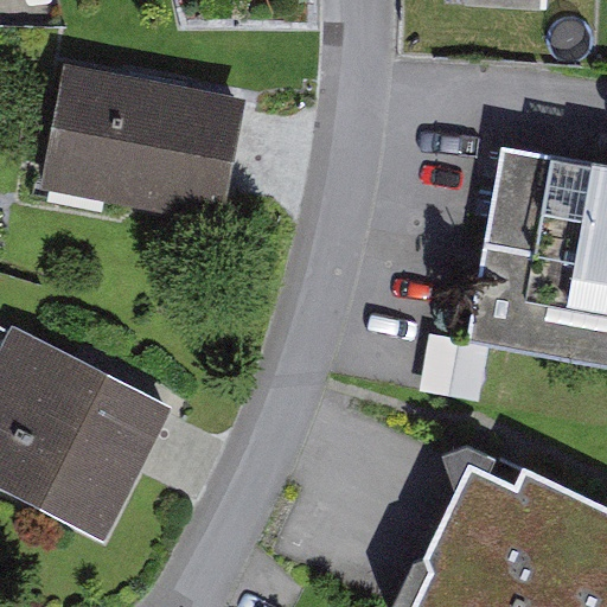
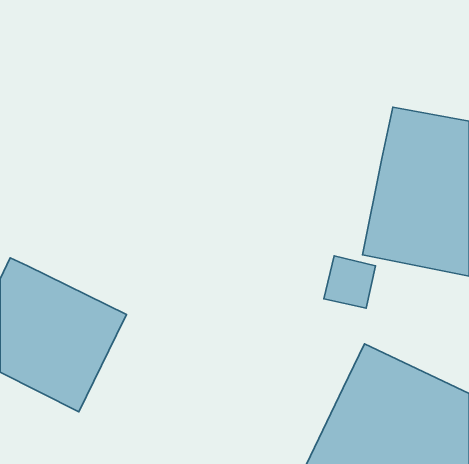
building: [47,76,239,211] -> none

